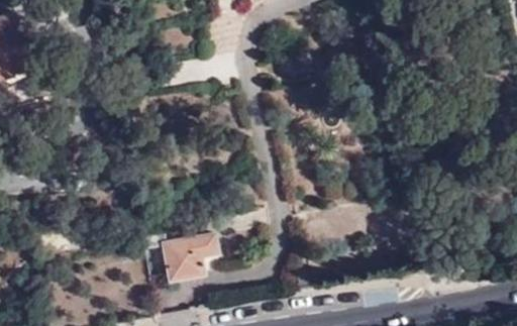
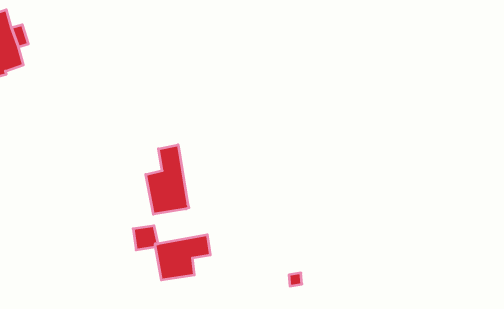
building: none -> [146,145,189,214]

